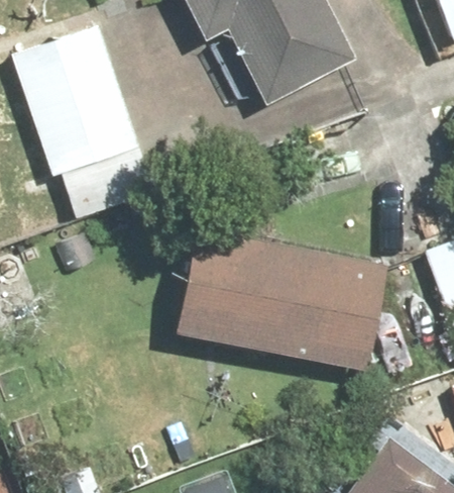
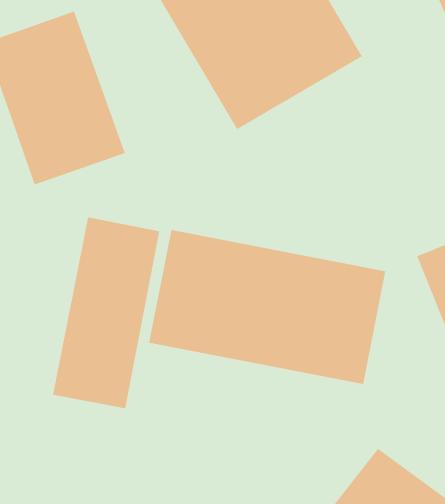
building: none -> [52,217,160,409]

